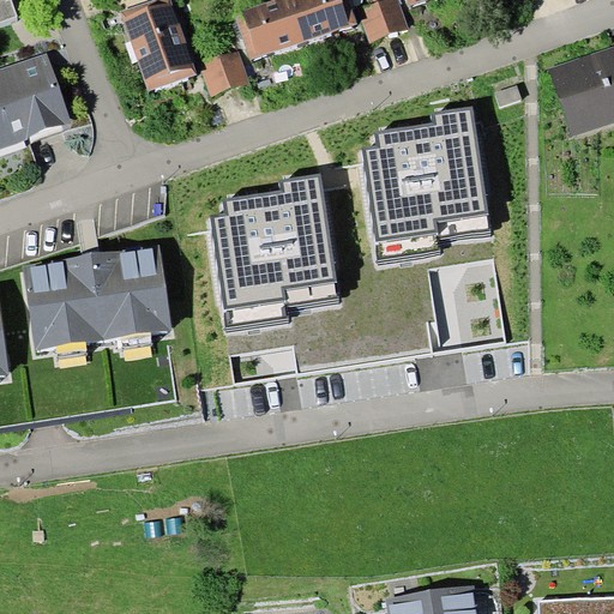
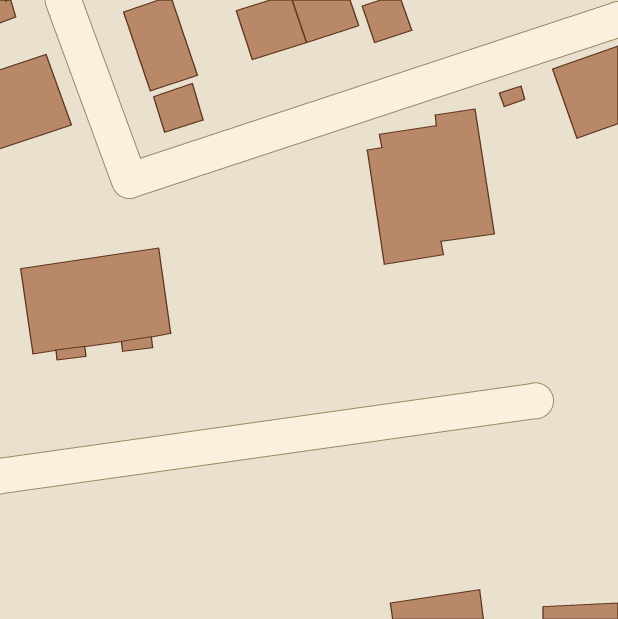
building: [199,48,248,96] -> [154,84,203,132]
building: [212,175,338,329] -> none

